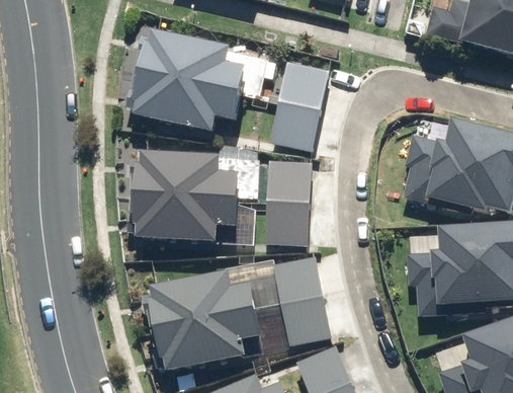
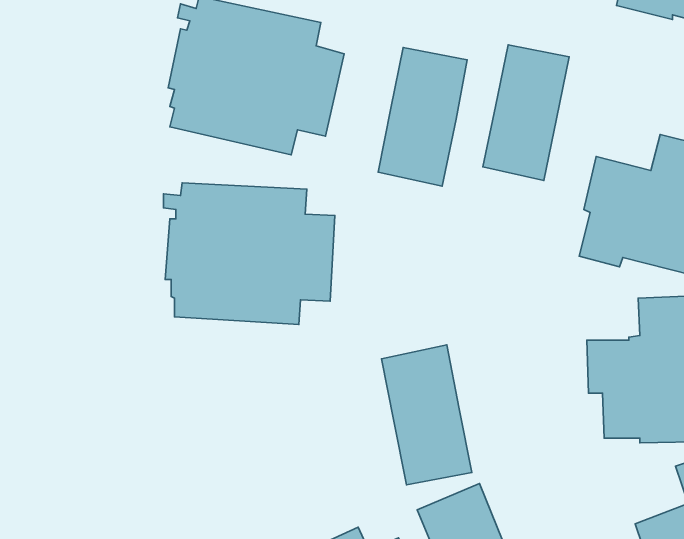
building: none -> [483,45,569,181]
building: [264,160,311,244] -> none
building: [142,269,263,371] -> none

